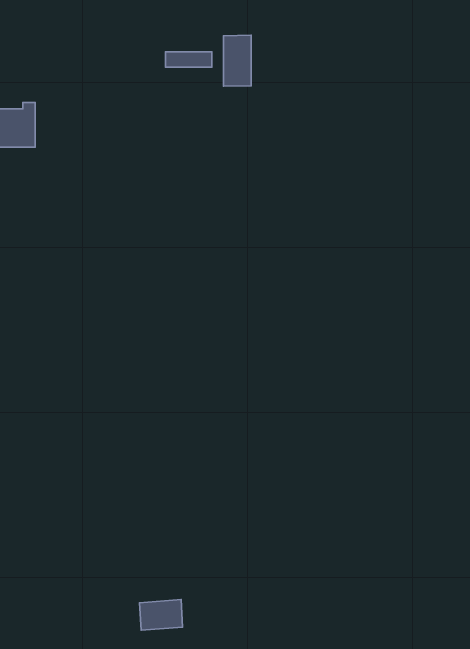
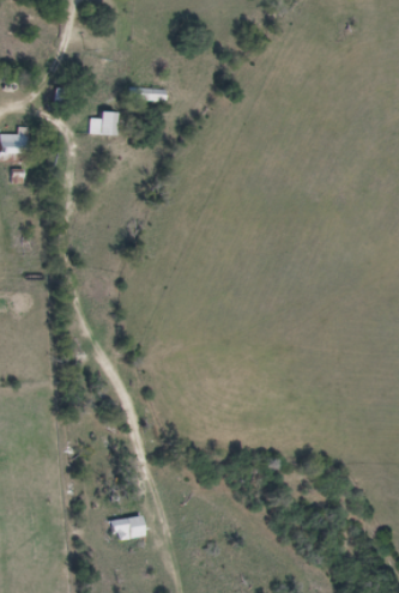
building: [224,35,251,86] -> none
building: none -> [91,111,121,134]

